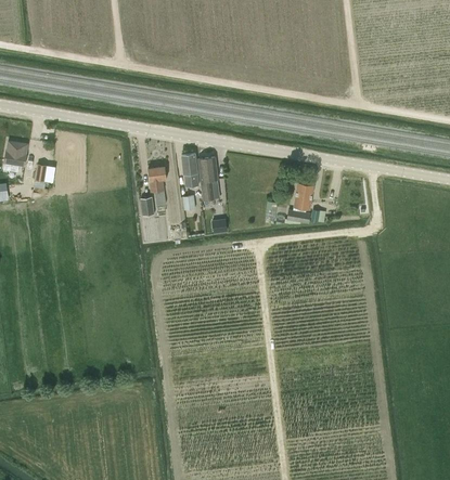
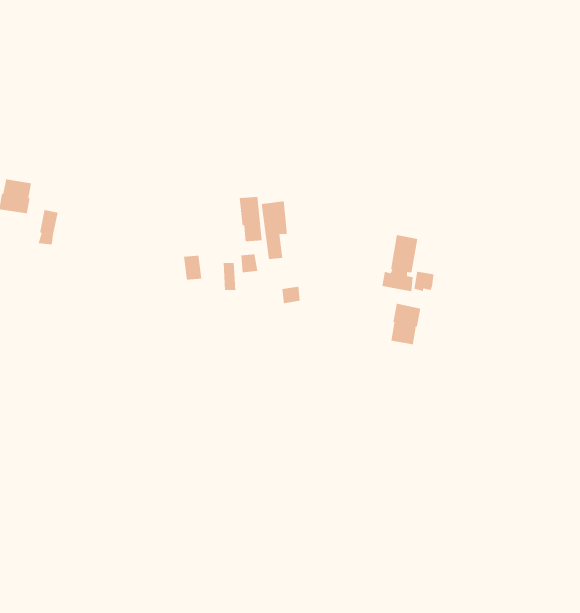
building: [149,167,168,206] -> none
building: none -> [391,303,421,345]

